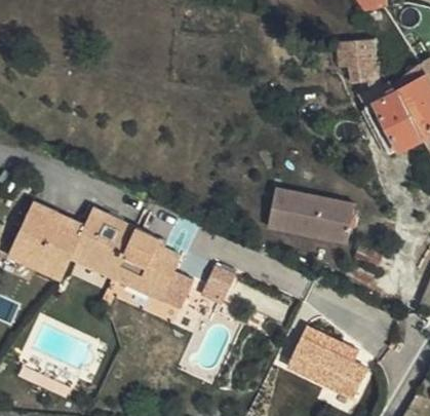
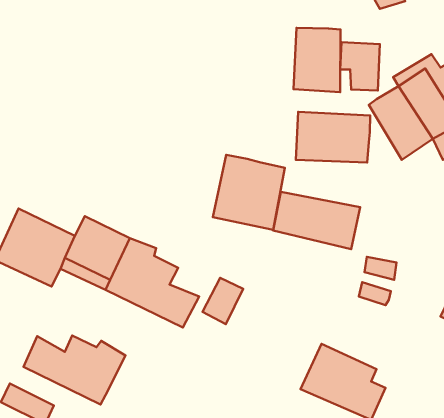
building: none -> [294,28,340,92]
building: none -> [296,112,370,162]
building: none -> [213,155,285,230]
building: none -> [24,336,125,404]

